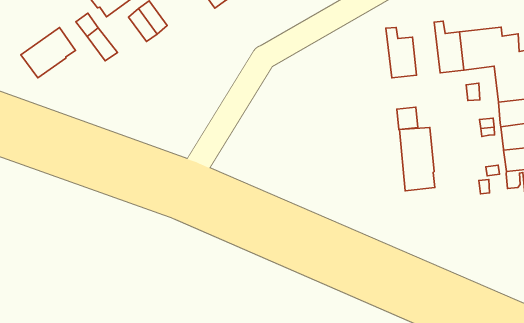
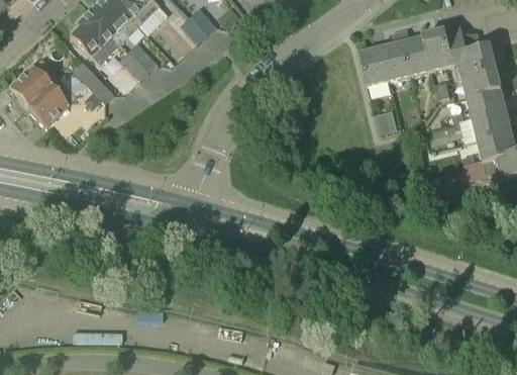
building: none -> [9,60,59,108]
building: none -> [382,31,411,82]
building: [399,127,435,191] -> none

